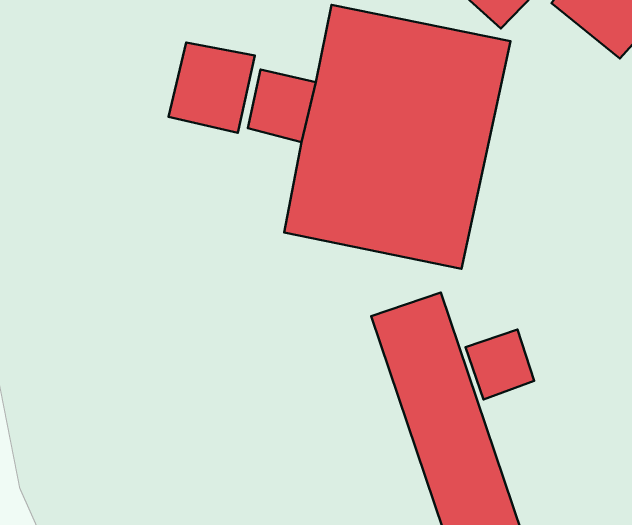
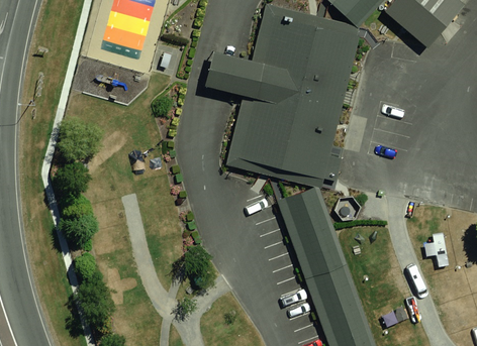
building: [168,42,255,133] -> none
building: [465,330,534,399] -> none

